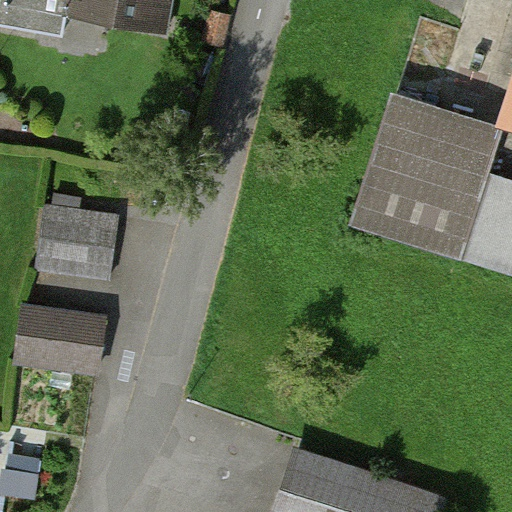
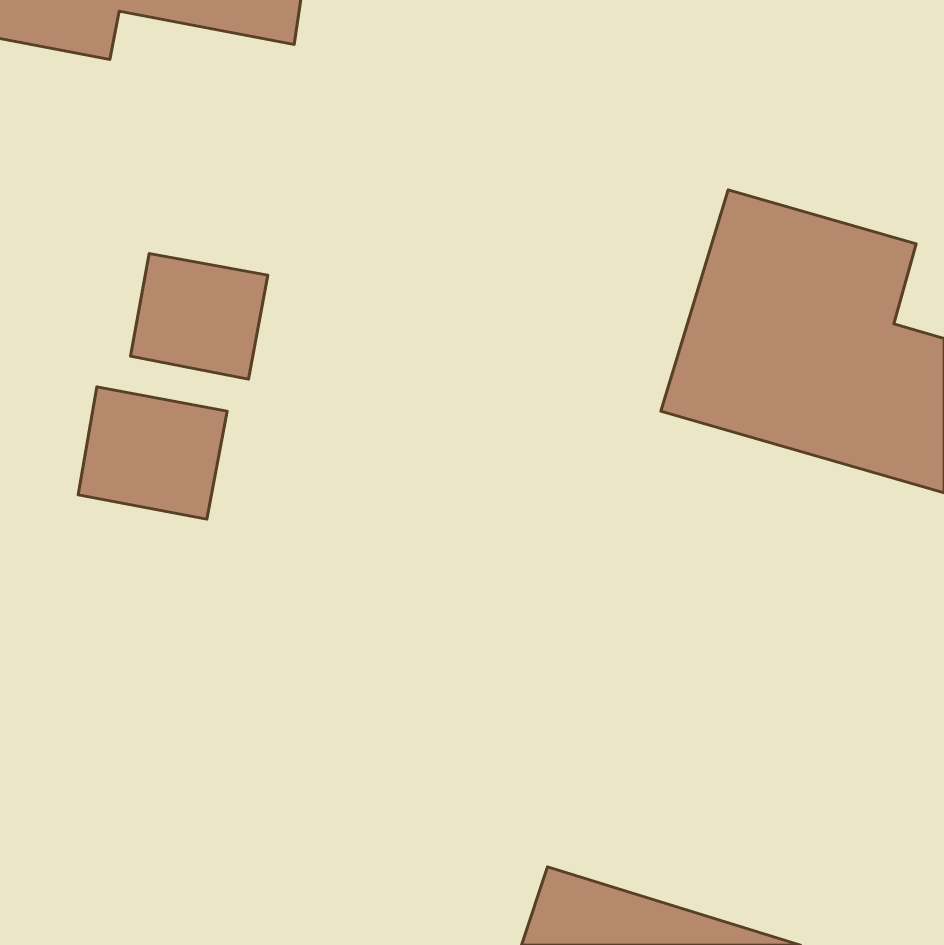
building: none -> [130,254,268,379]
building: [11,312,105,379] -> none

